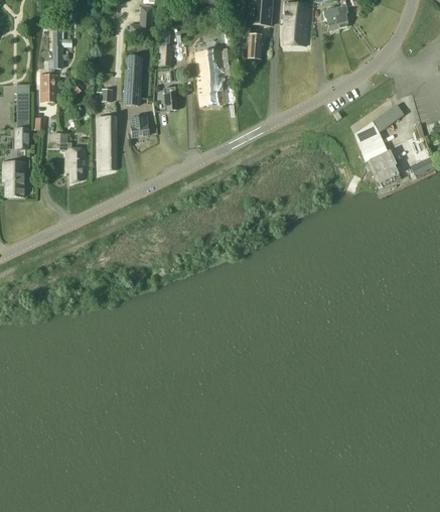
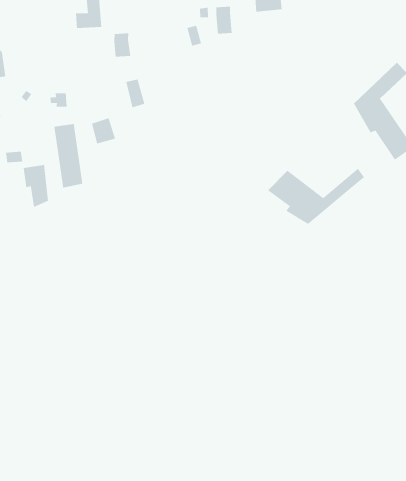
building: [195,48,225,104] -> none
building: [123,54,141,103] -> none
building: none -> [267,168,365,225]

